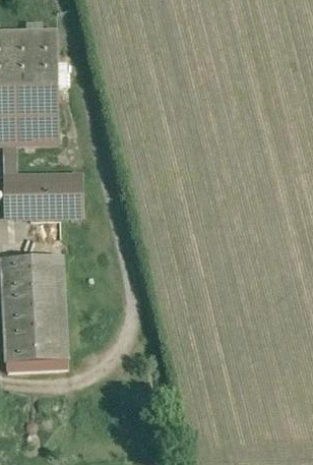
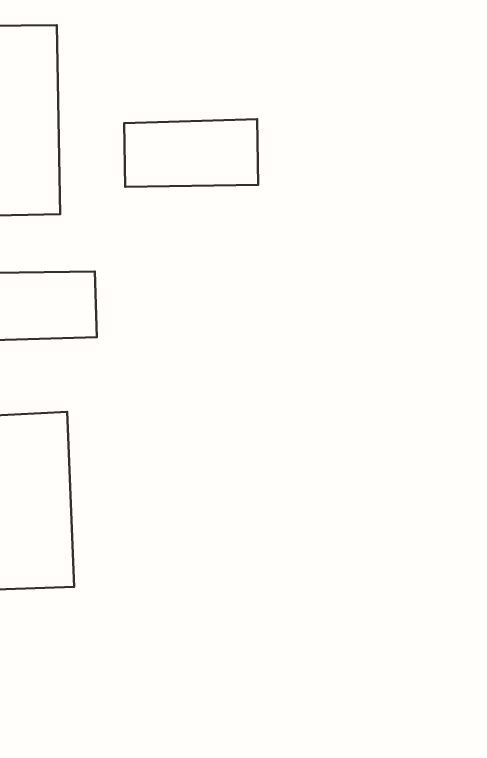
building: none -> [124,119,258,187]

